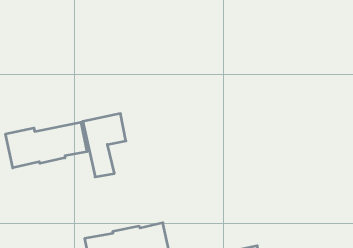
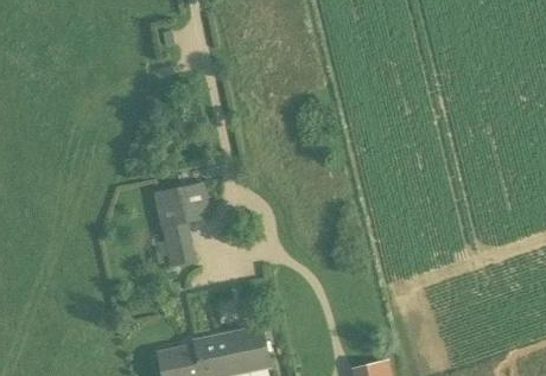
building: [6,122,87,168] -> none

